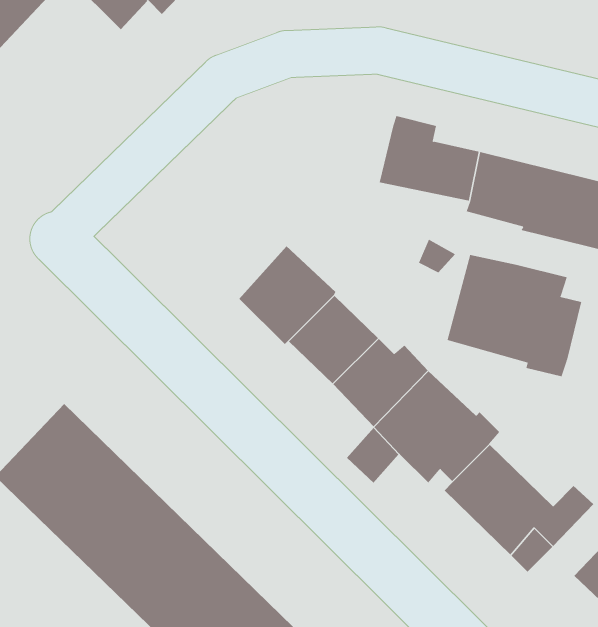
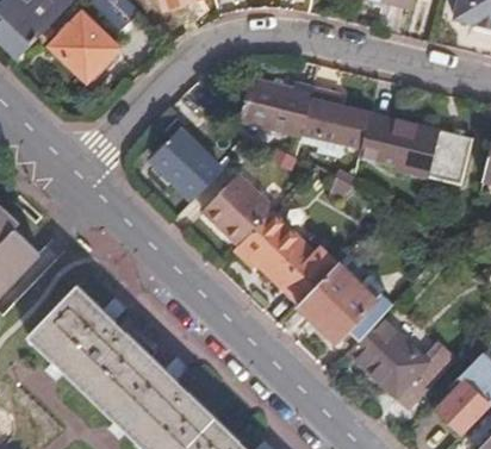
building: none -> [52,15,119,83]
building: none -> [244,81,312,135]
building: none -> [155,123,225,186]
building: [447,254,582,377] -> none

